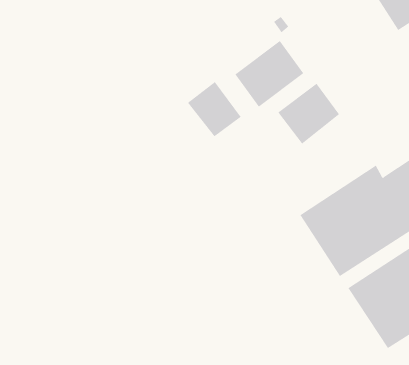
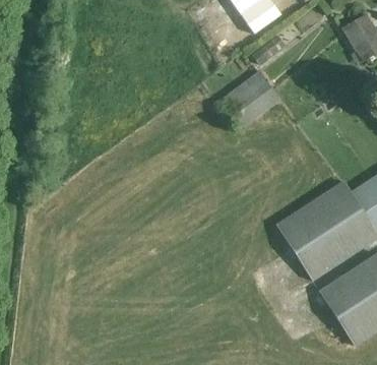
building: [187,81,242,137] -> none
building: [278,83,340,144] -> none

